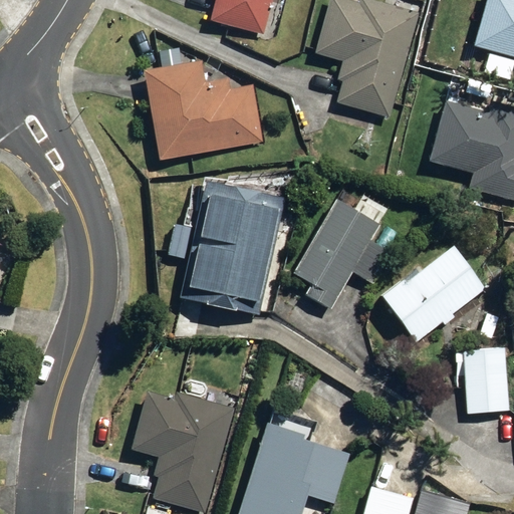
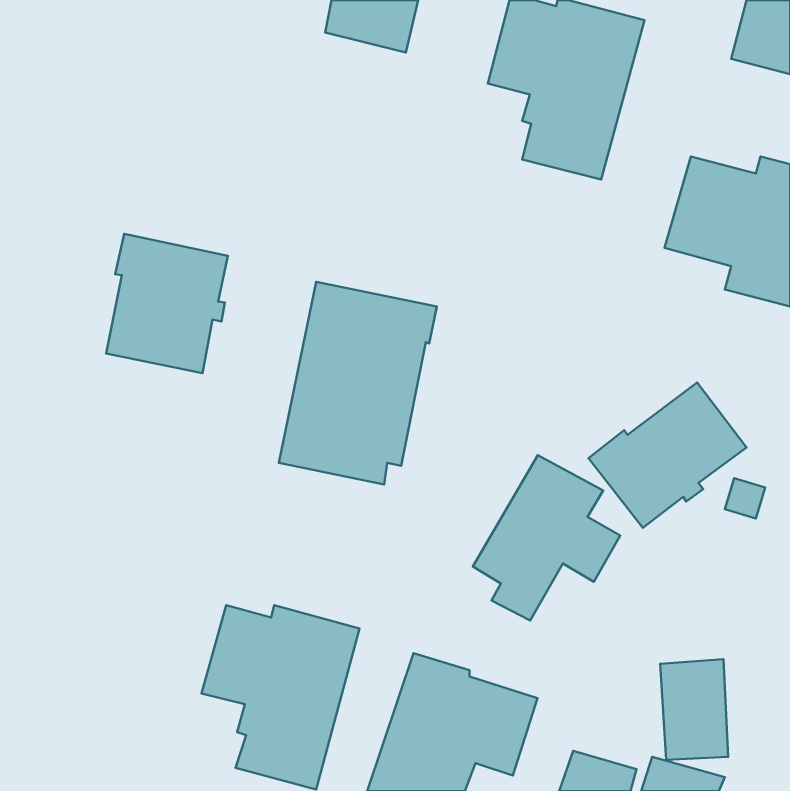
building: [144,60,262,160] -> none
building: none -> [106,234,228,373]
building: [294,201,390,308] -> [473,455,620,621]
building: [464,347,508,413] -> [660,659,728,760]

